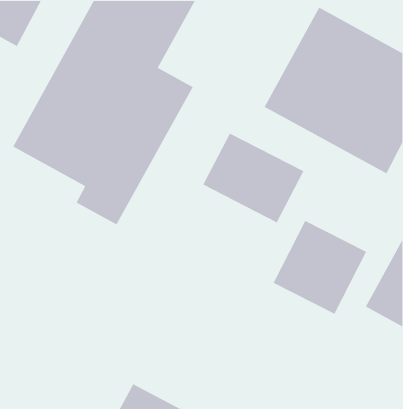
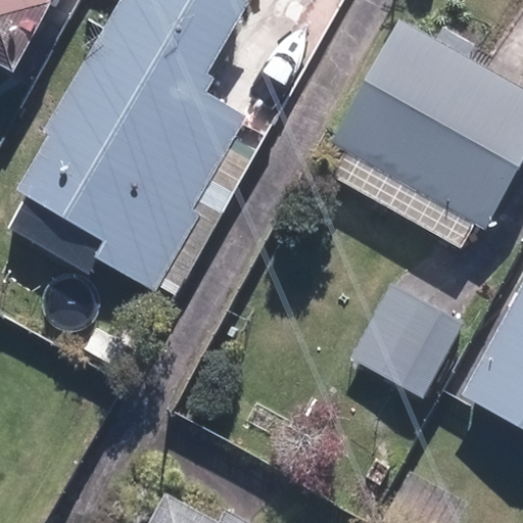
building: [202,132,304,223] -> none

